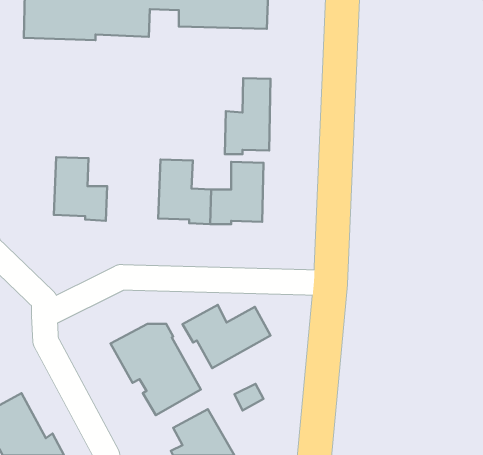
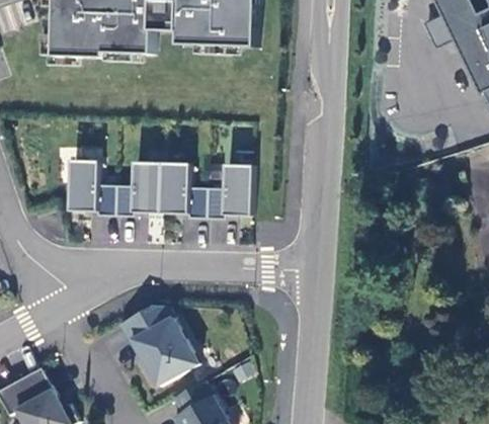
building: [225,78,271,154] -> none
building: none -> [114,161,162,216]
building: [183,305,271,368] -> none

